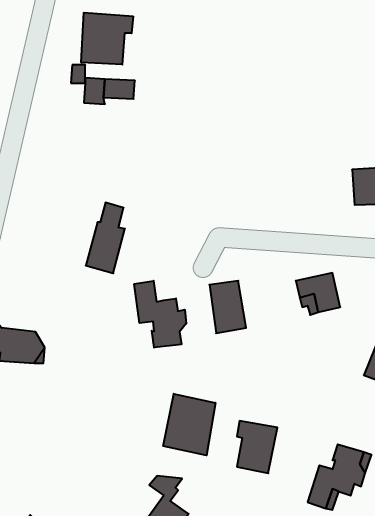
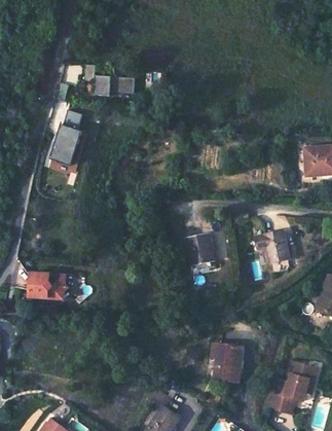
building: [81,13,133,65] -> none
building: [86,203,125,273] -> [48,110,79,166]
building: [134,281,186,348] -> none
building: [163,394,215,455] -> none

